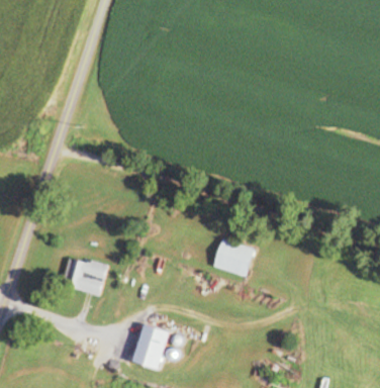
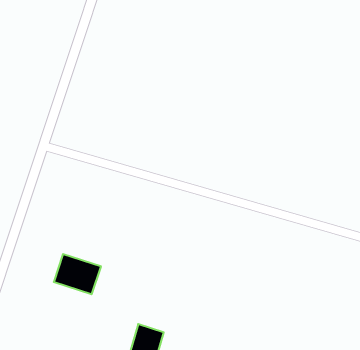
building: [212,238,254,277] -> none

